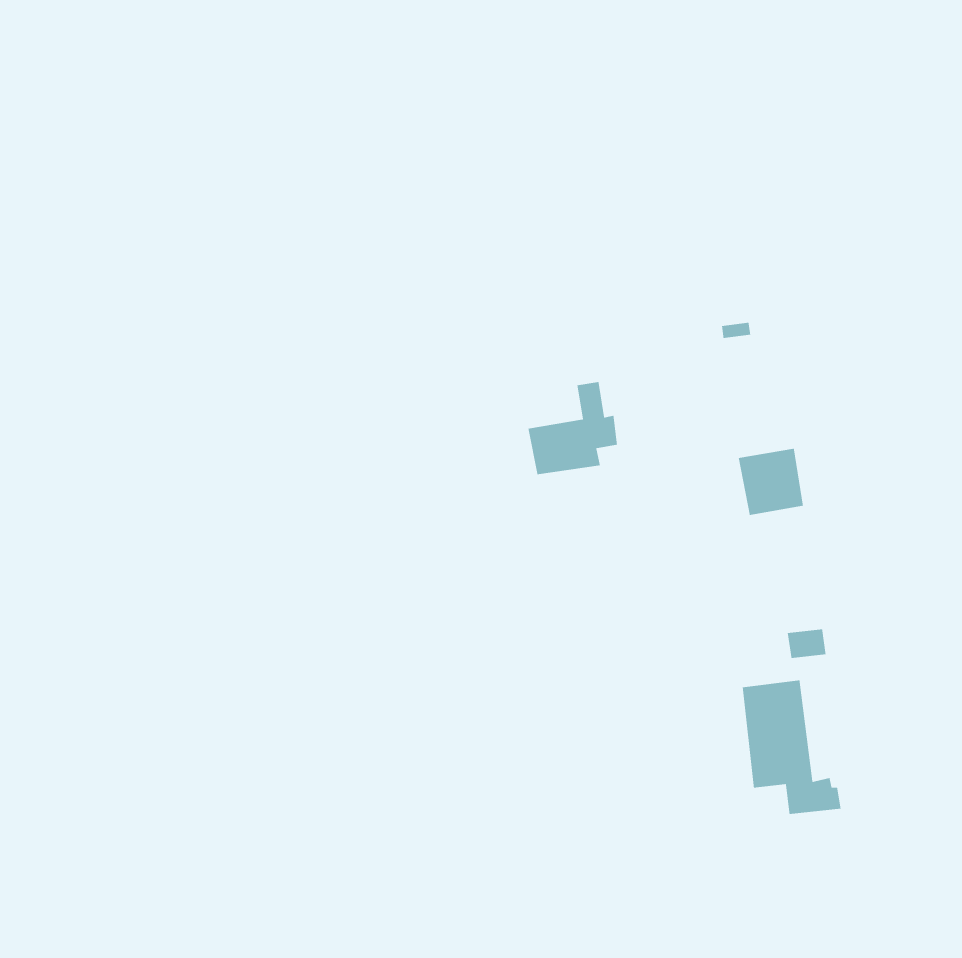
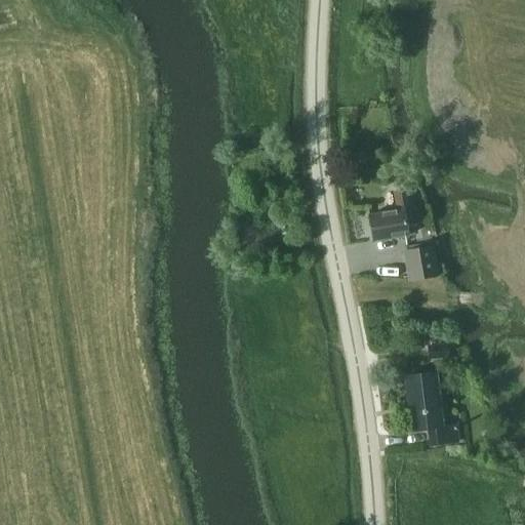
building: [527,381,618,475] -> [368,188,417,239]

